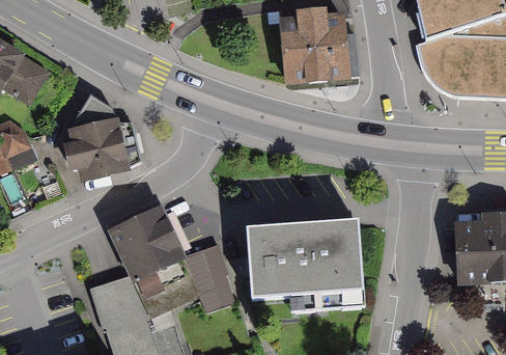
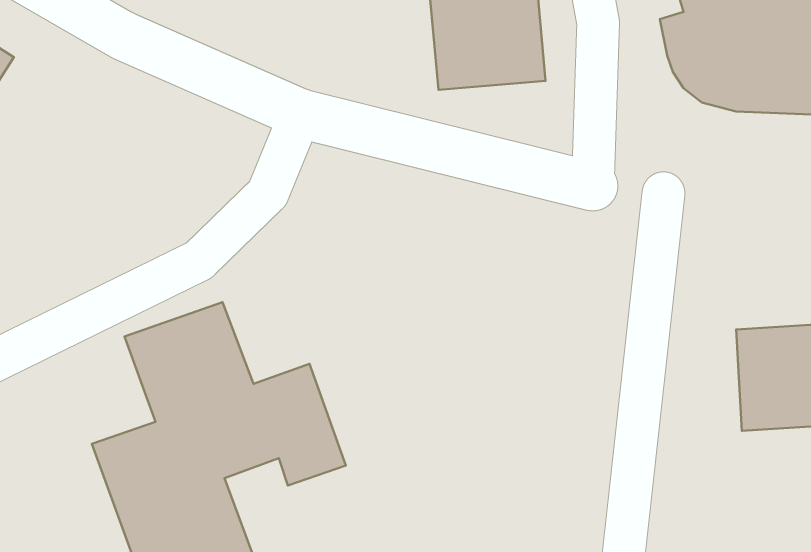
building: [60,115,137,175] -> none
building: [248,220,367,307] -> none

